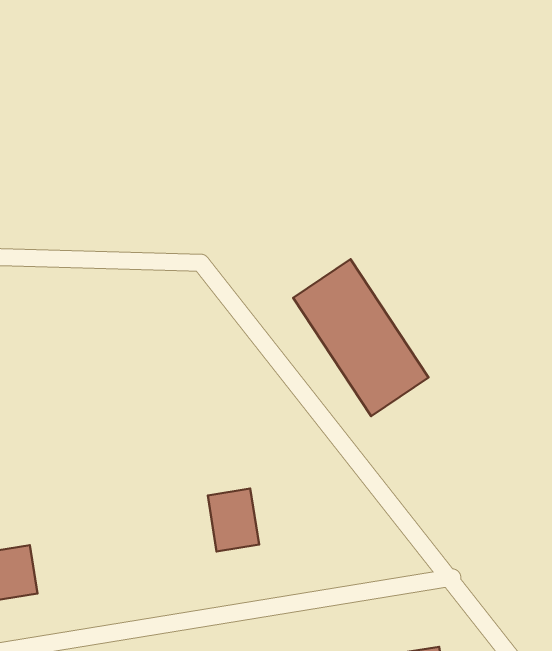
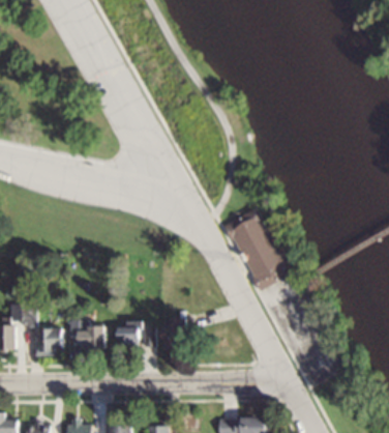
building: none -> [116,322,153,348]
building: none -> [68,325,106,350]

